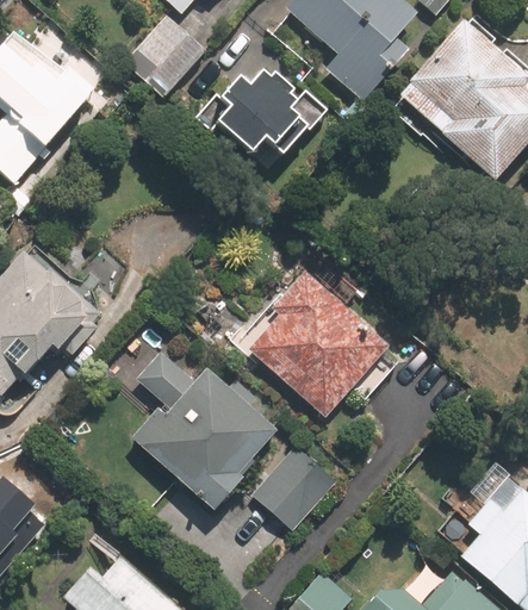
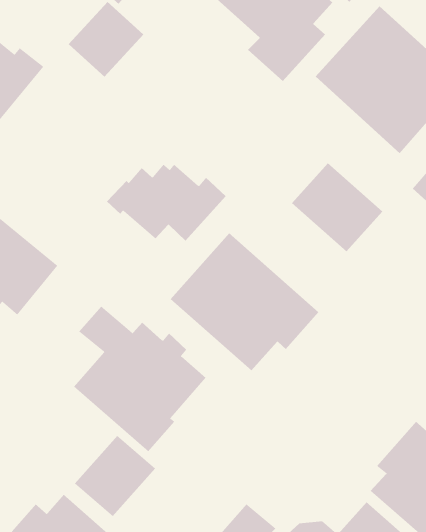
building: [194,74,328,160] -> [106,164,226,241]
building: none -> [291,163,383,252]
building: [250,440,341,530] -> [74,435,156,517]

